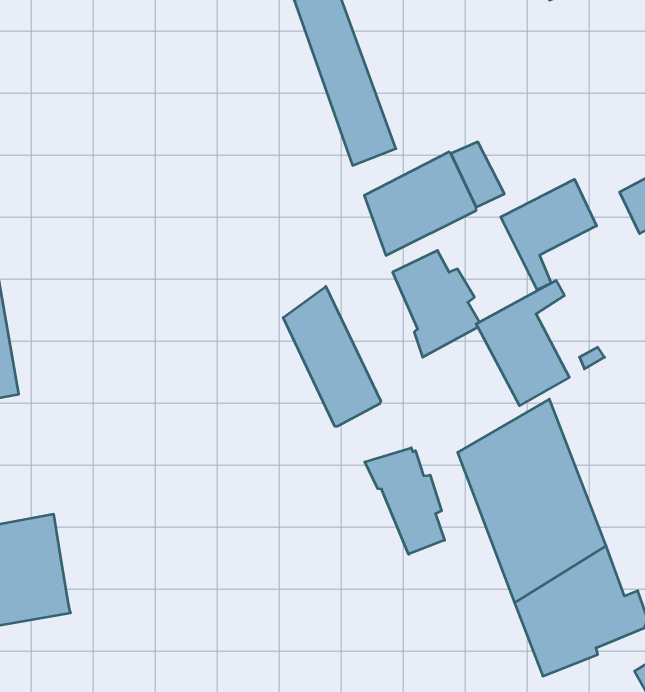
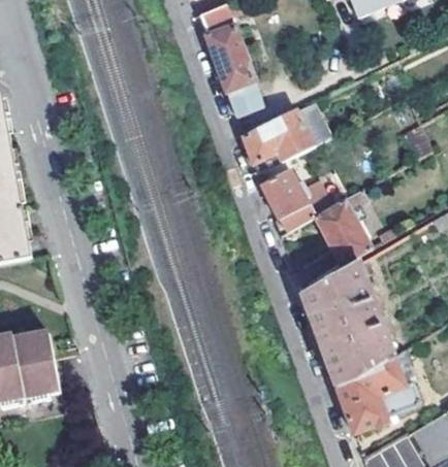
building: [501,179,597,290] -> none
building: [283,286,381,426] -> none
building: [365,448,445,554] -> none

